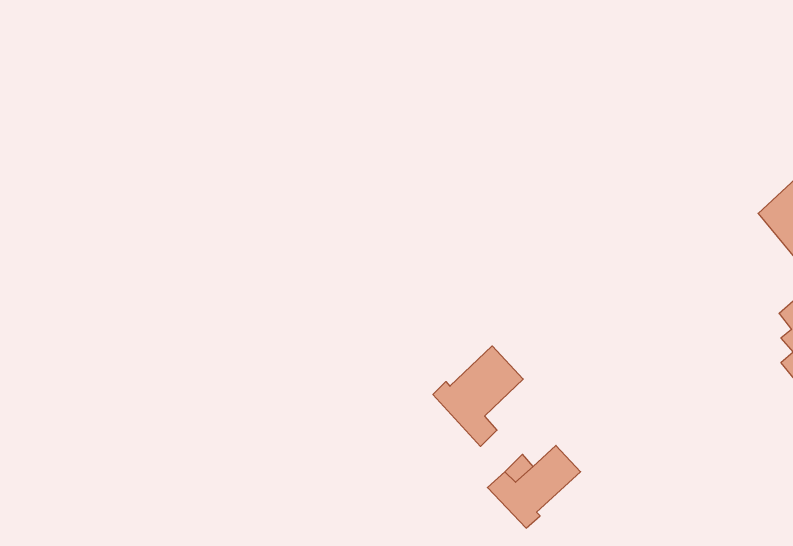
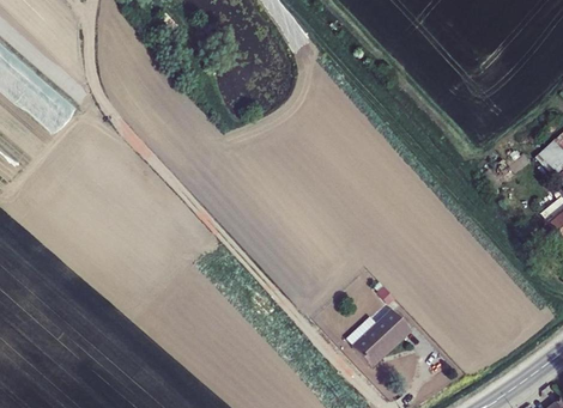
building: [433,346,523,446] -> none

